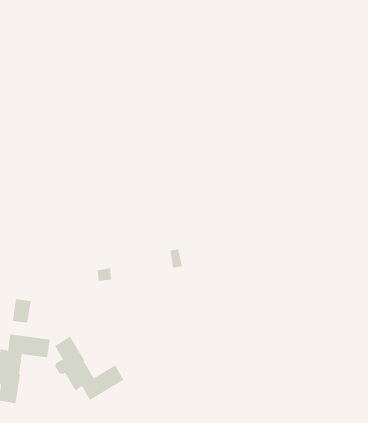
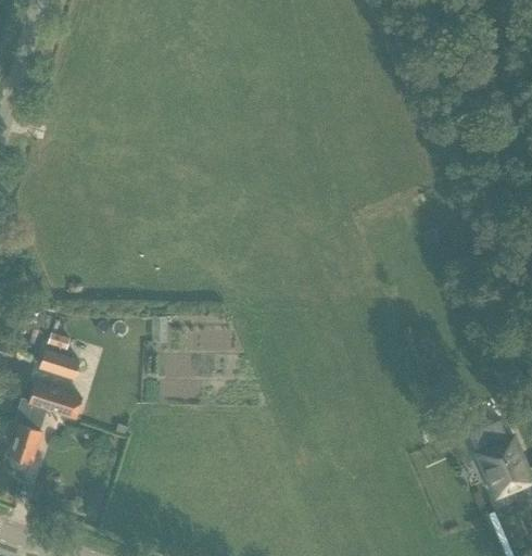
building: [55,336,124,401] -> none

